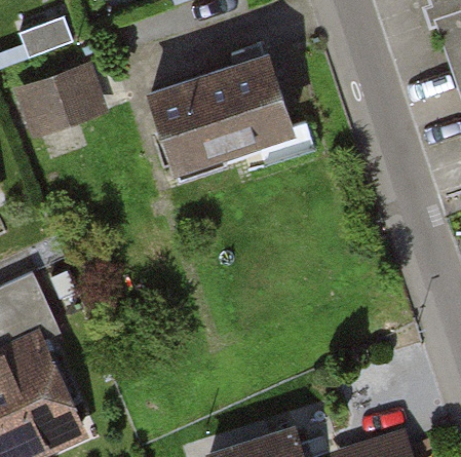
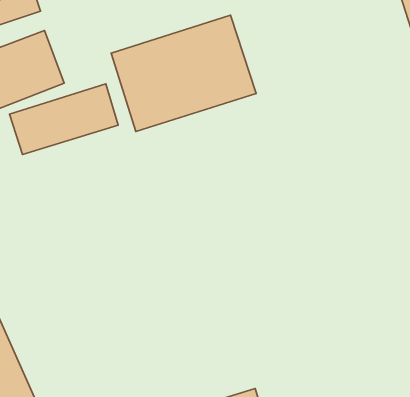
building: none -> [10,84,118,154]

